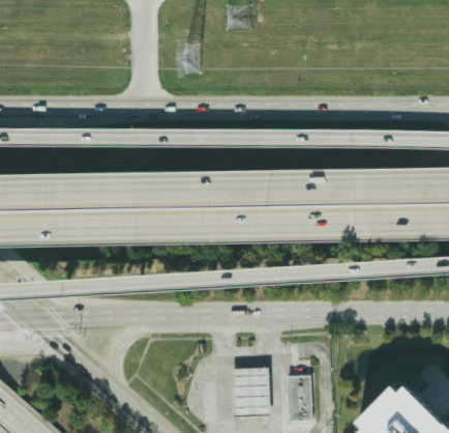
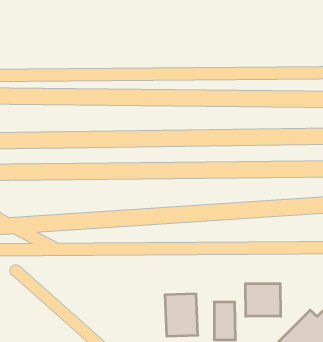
building: none -> [245,284,281,316]

